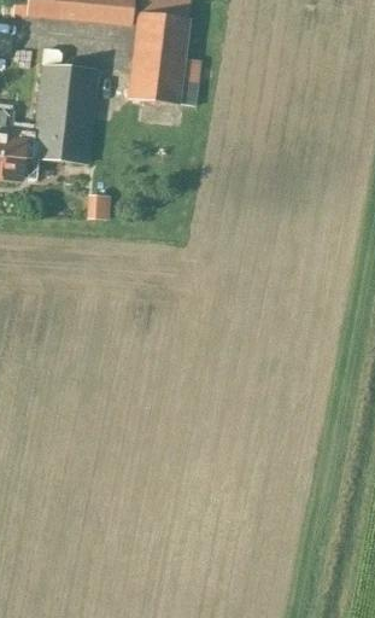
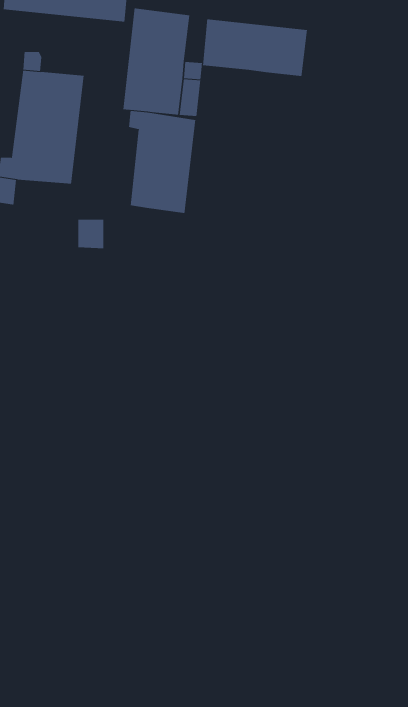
building: none -> [202,18,308,77]
building: none -> [129,110,196,214]

